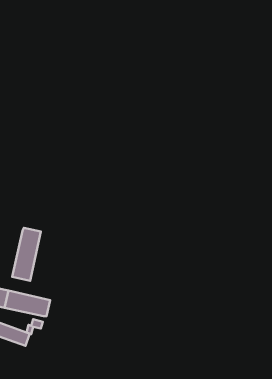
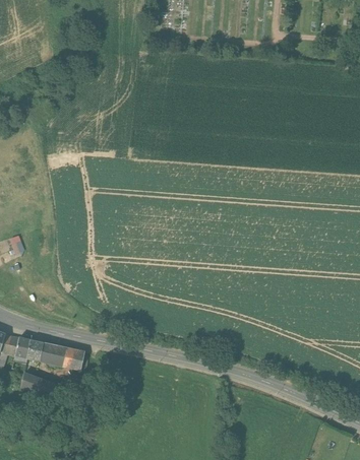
building: [12,228,41,281] -> none

